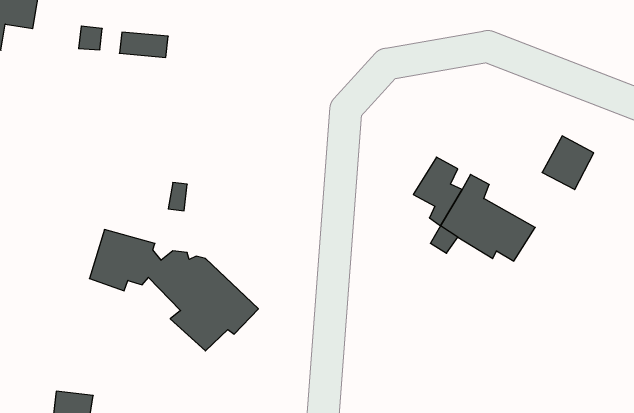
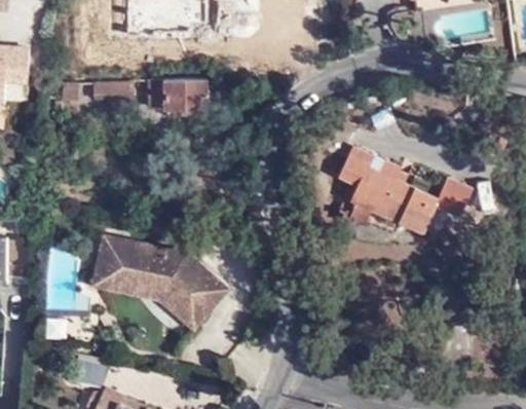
building: none -> [150,80,208,112]
building: [542,136,594,190] -> [438,181,476,221]
building: none -> [92,269,166,299]

